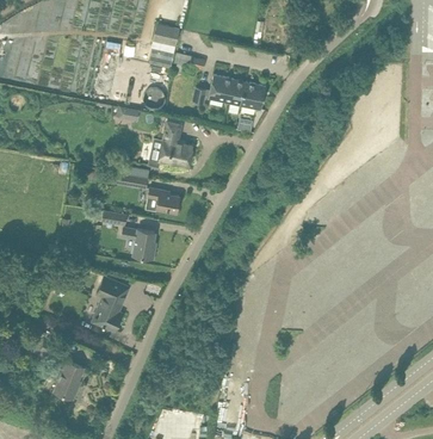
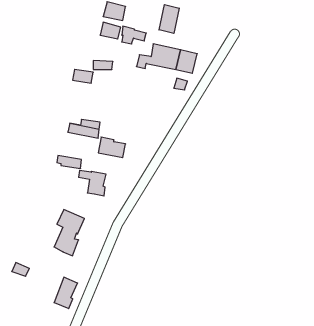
building: none -> [159,5,179,33]
building: [147,122,192,167] -> none
building: [55,359,83,397] -> [54,277,78,309]

